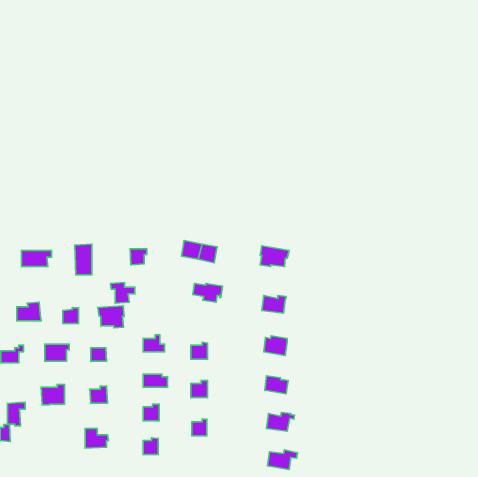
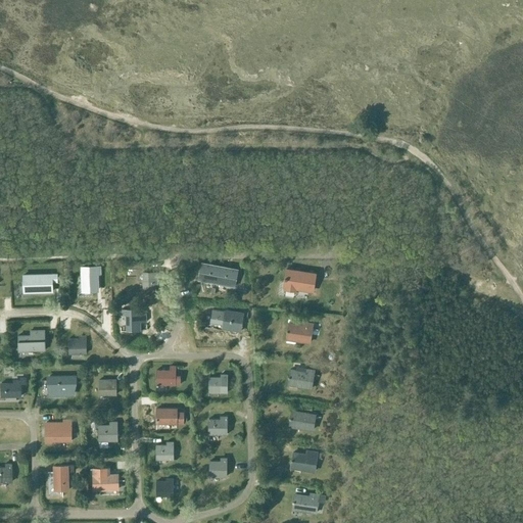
building: [98,306,124,328] -> none
building: [7,403,25,426] -> [54,466,74,491]

